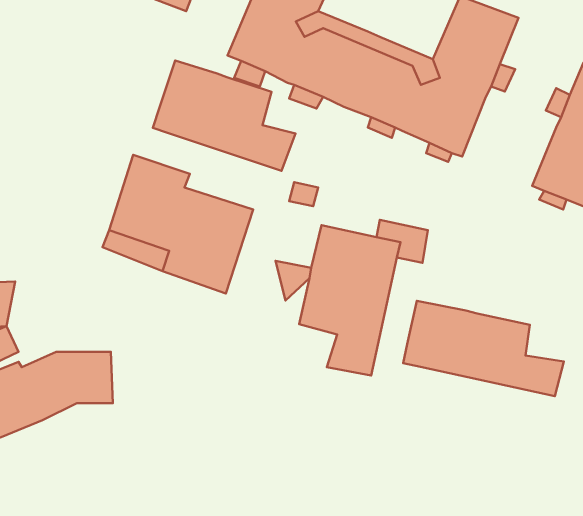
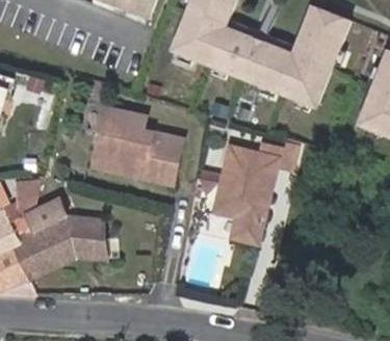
building: [153,60,295,171] -> none
building: [403,301,564,396] -> none

